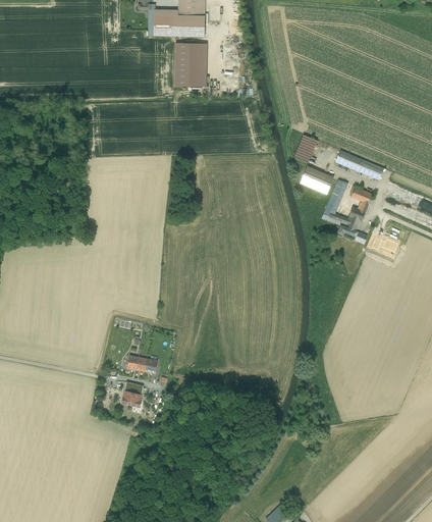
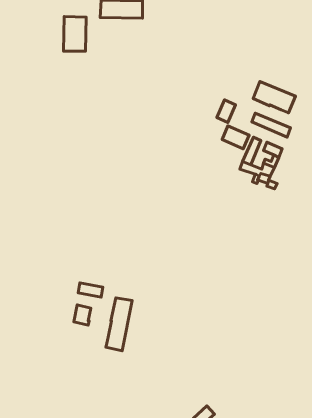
building: [176,43,204,85] -> [63,16,86,51]
building: none -> [253,82,296,113]
building: none -> [106,298,132,351]

